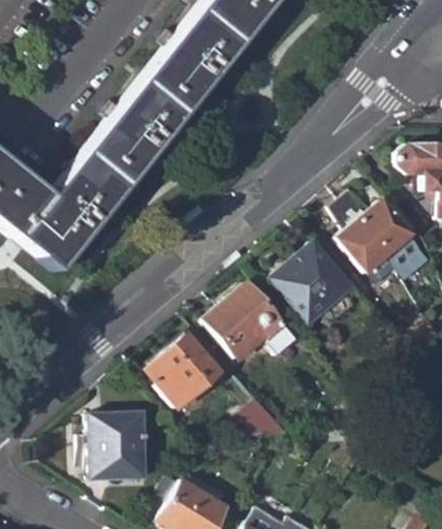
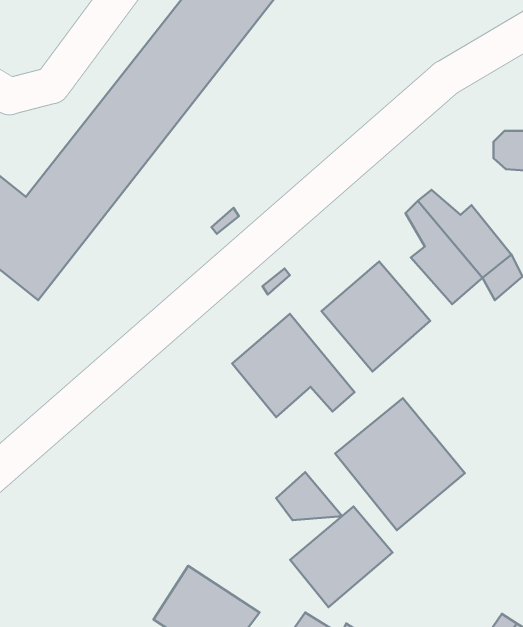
building: [146,334,223,410] -> none
building: none -> [335,398,465,530]
building: [89,414,144,479] -> none
building: none -> [290,507,392,607]

